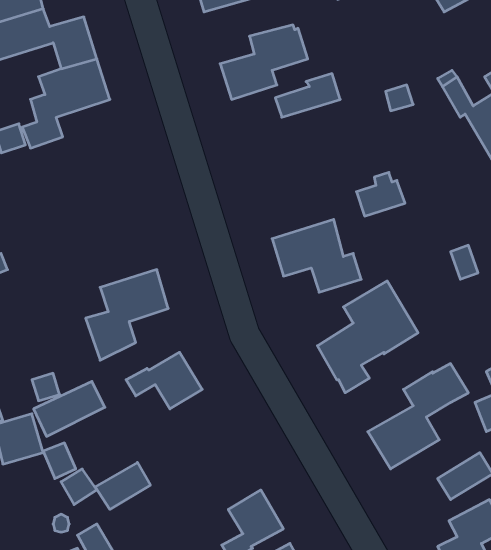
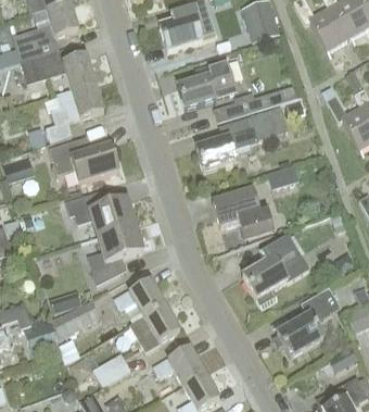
building: none -> [195,107,289,171]
building: none -> [49,138,118,183]
building: none -> [64,191,135,235]
building: none -> [129,303,179,351]
building: none -> [153,346,204,384]

